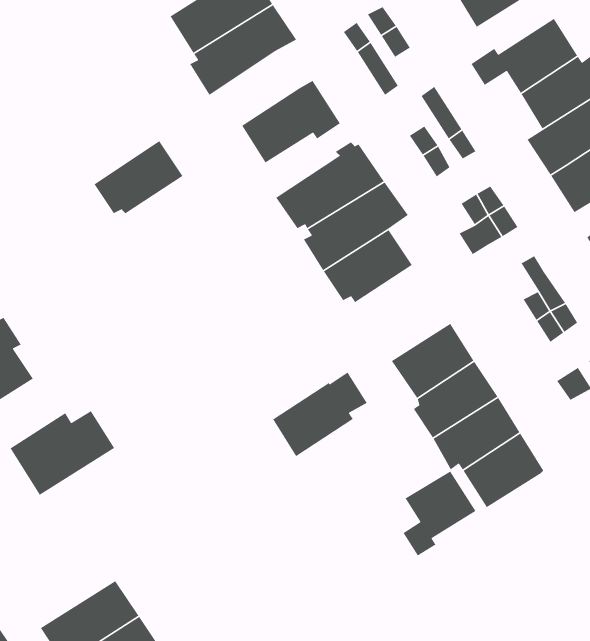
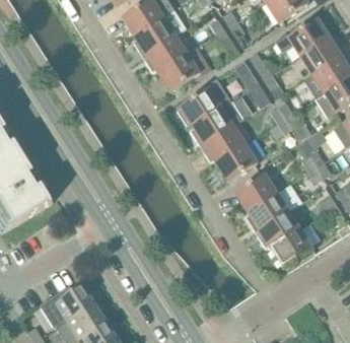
building: [94,140,183,214] -> [142,35,188,72]
building: [272,371,368,457] -> [216,138,265,182]
building: [10,410,115,496] -> [41,284,94,328]
building: [402,470,476,556] -> none

